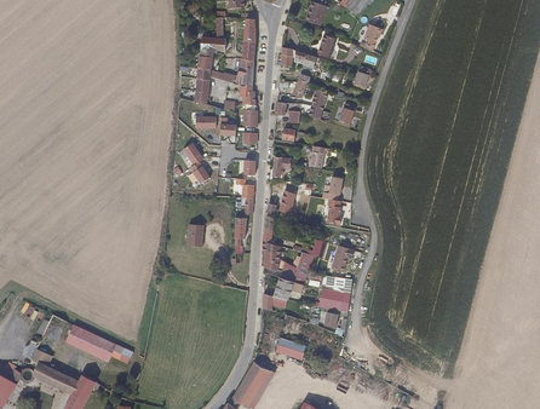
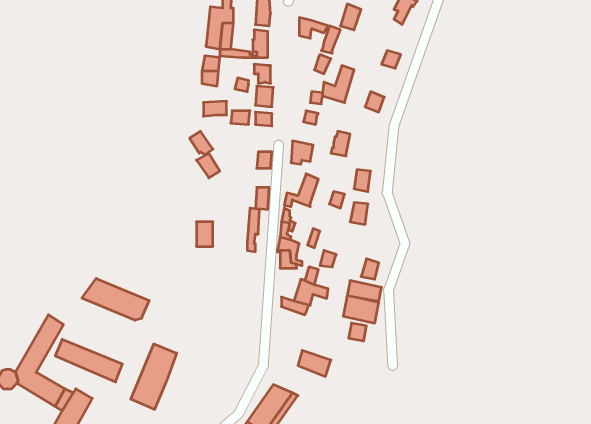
building: none -> [82,278,149,320]
building: none -> [131,344,177,409]

